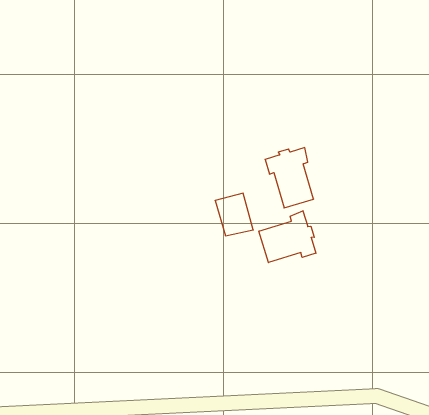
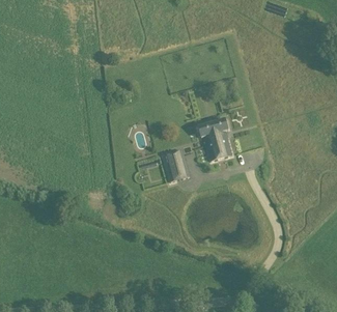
building: [259,211,316,263] -> none

